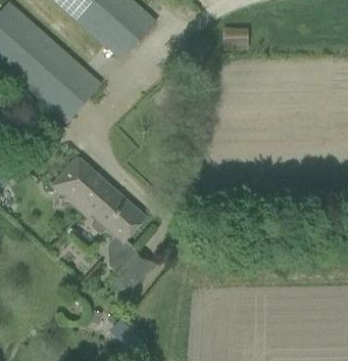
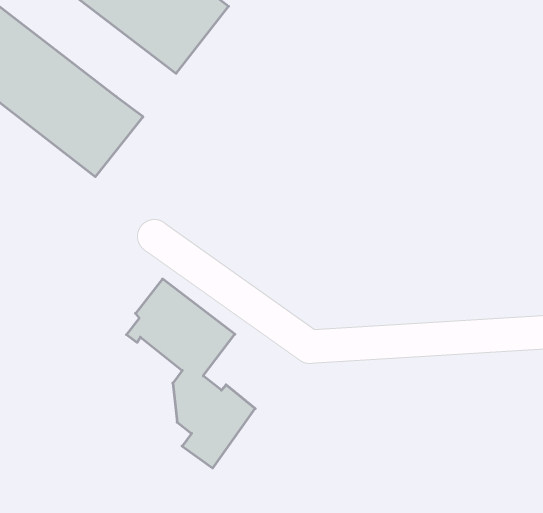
building: [52,156,106,213] -> none

